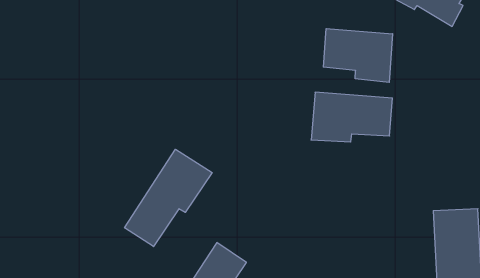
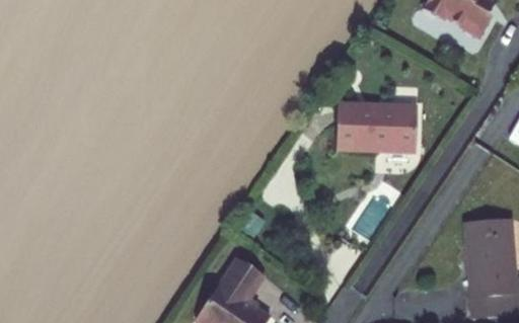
building: [323,29,393,82] -> none
building: [125,149,212,247] -> none

